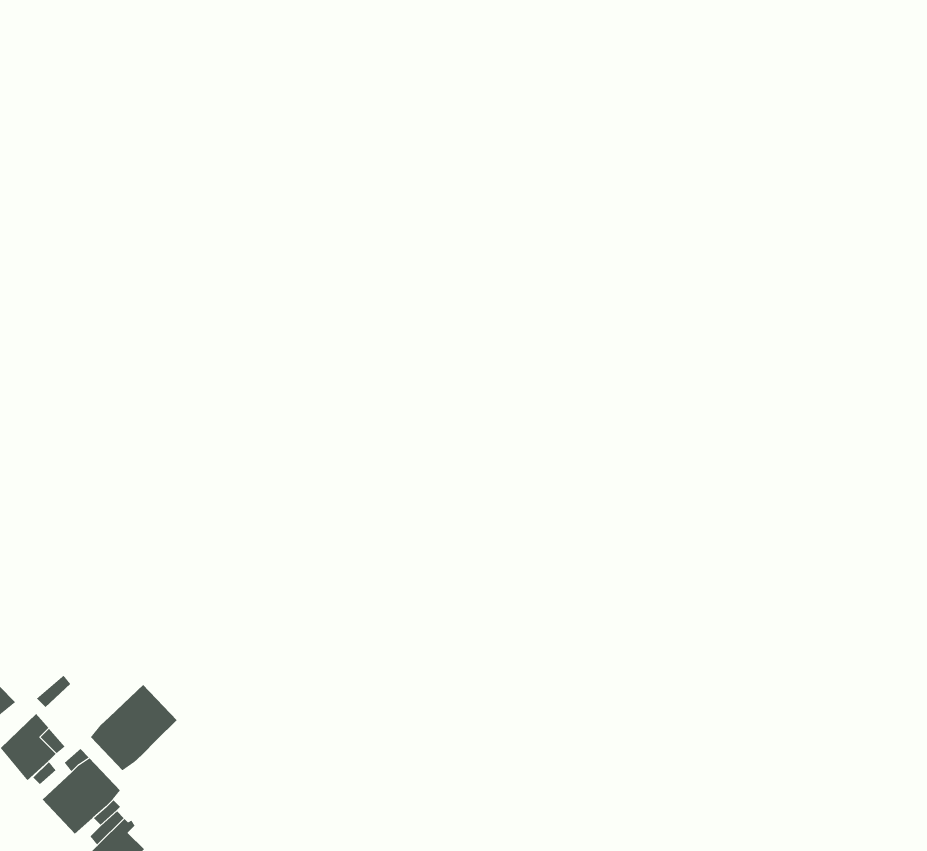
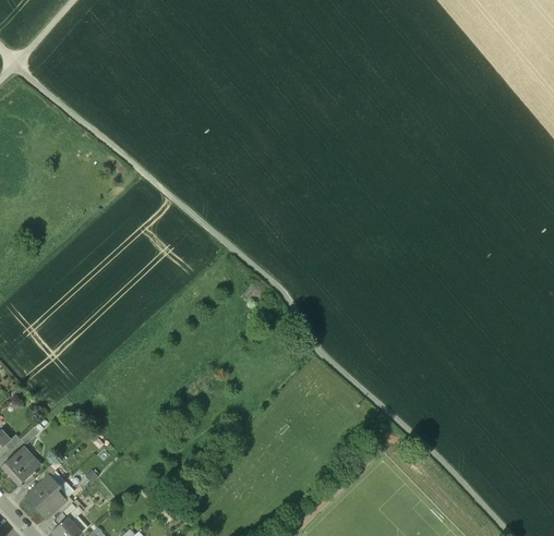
building: [90,684,177,771] -> none

